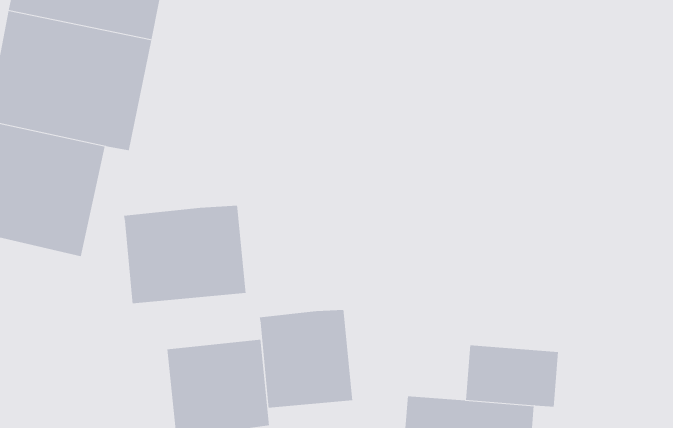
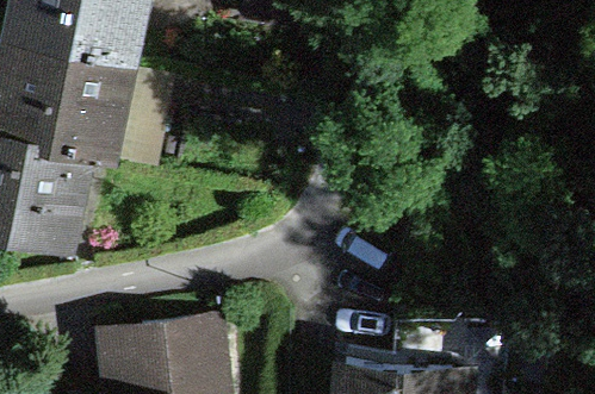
building: [123,205,246,304] -> none
building: [259,309,353,408] -> none

